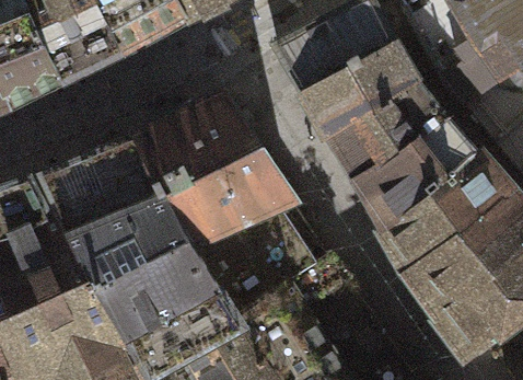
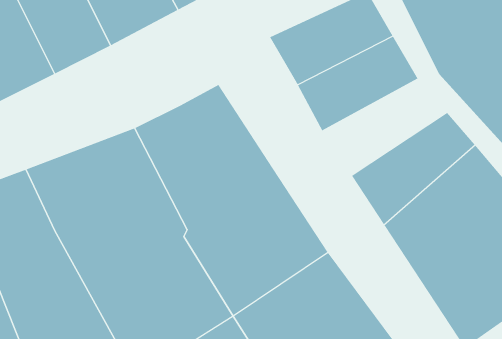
building: [325,93,448,188] -> none

